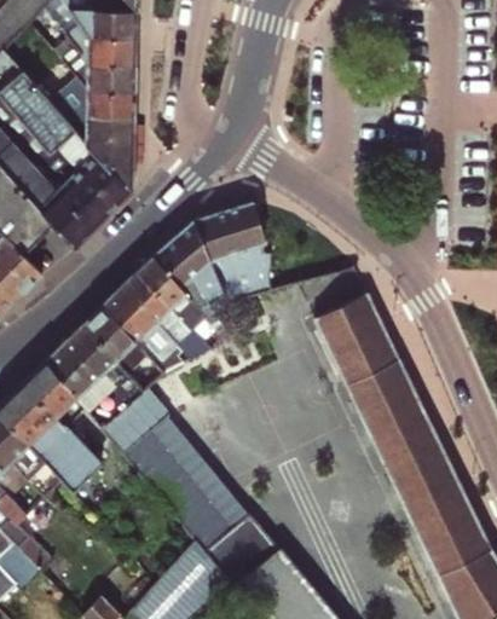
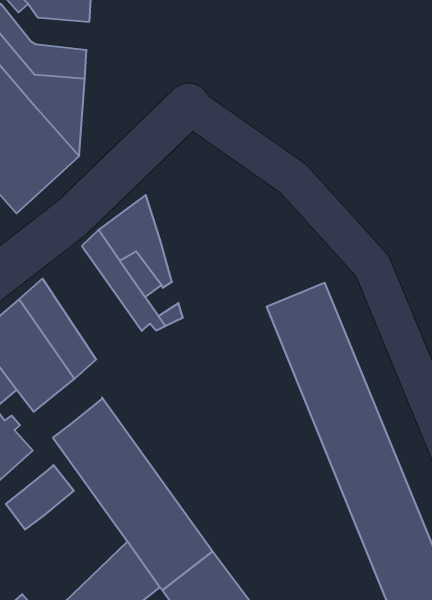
building: [87,60,135,88] -> none
building: [197,202,256,305] -> none
building: [105,271,204,376] -> none
building: [104,389,167,451] -> [6,465,74,530]

